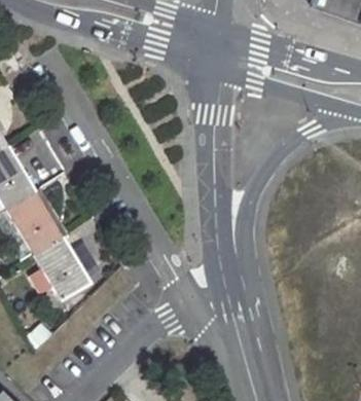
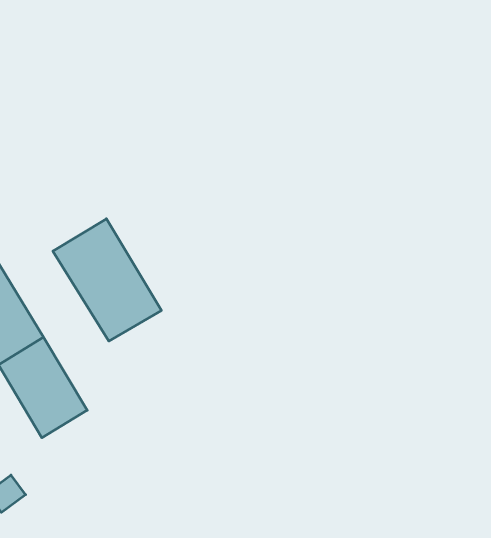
building: none -> [53,219,161,341]

